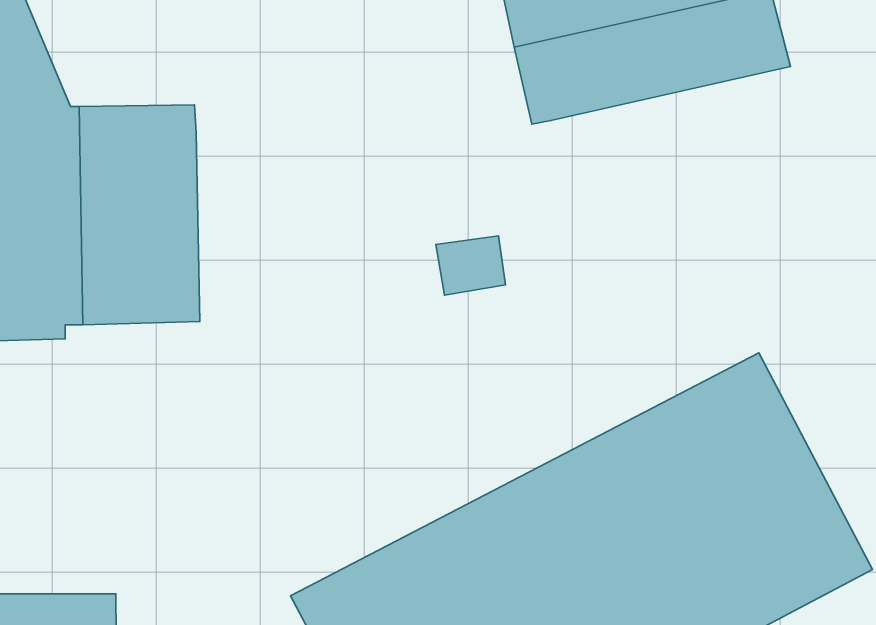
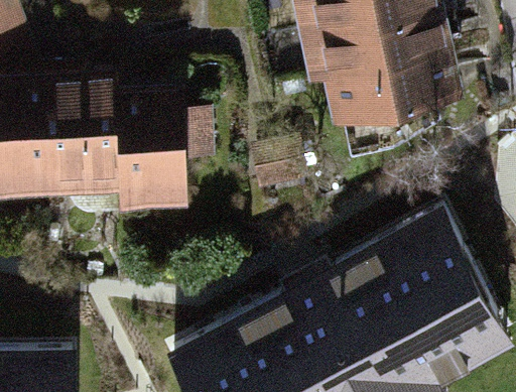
building: none -> [320,47,469,142]
building: none -> [116,84,214,207]

